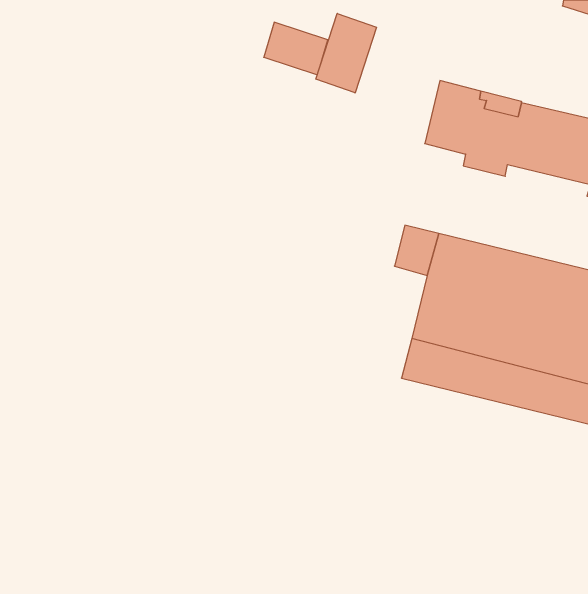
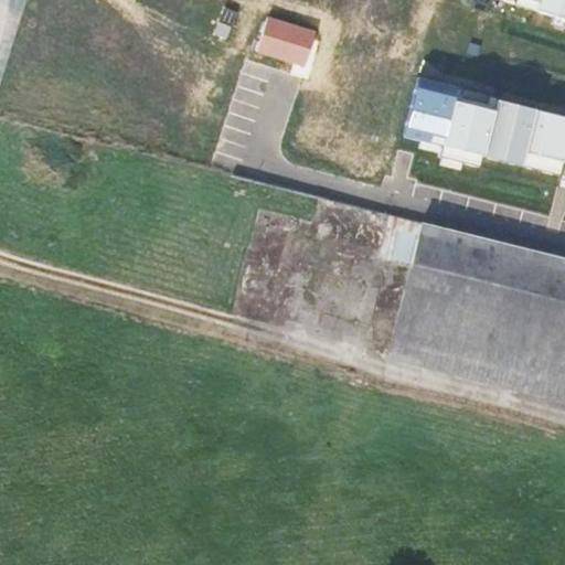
building: [316,13,377,93] -> none

